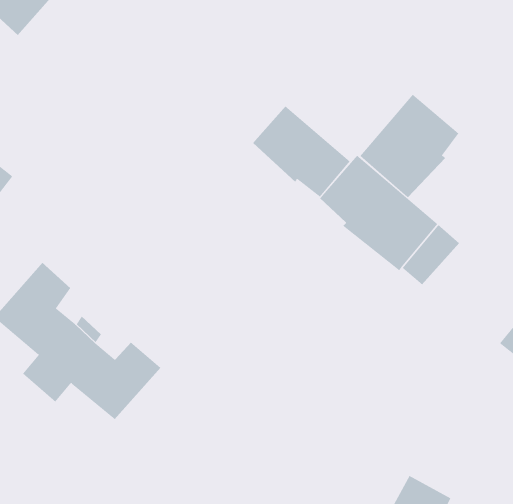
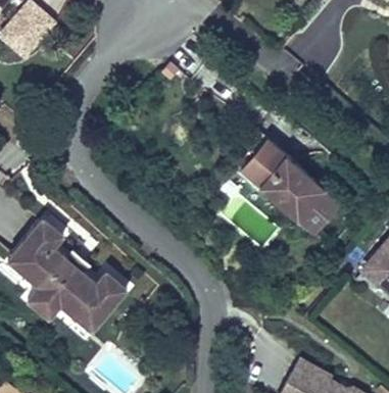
building: [360,94,459,198] -> none
building: [252,105,351,197] -> none

